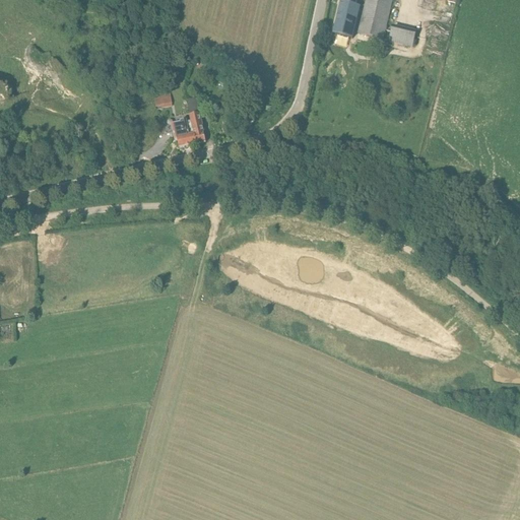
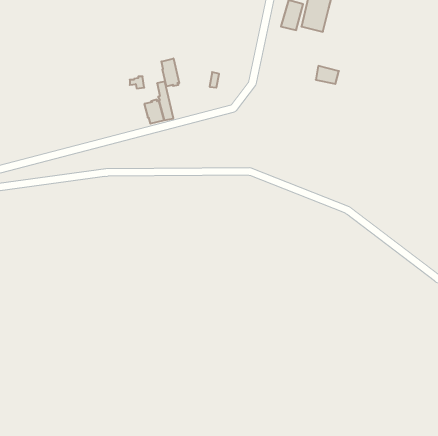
building: [389,23,416,45] -> [316,66,339,84]
building: none -> [161,58,179,87]

